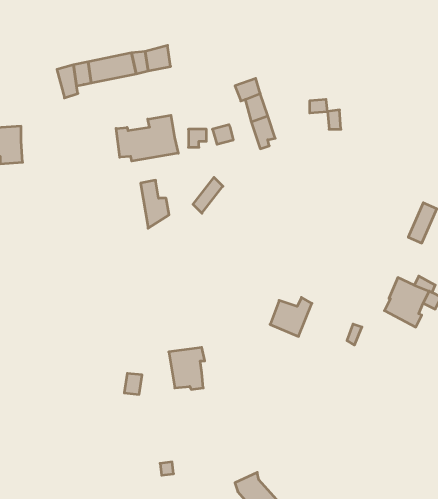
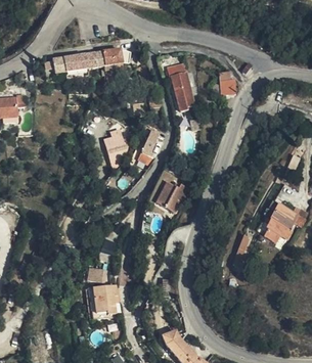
building: [116,115,178,161] -> none
building: [270,297,312,336] -> [157,189,185,216]
building: [169,347,205,389] -> [94,284,119,313]

